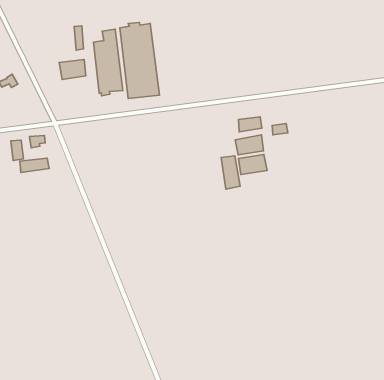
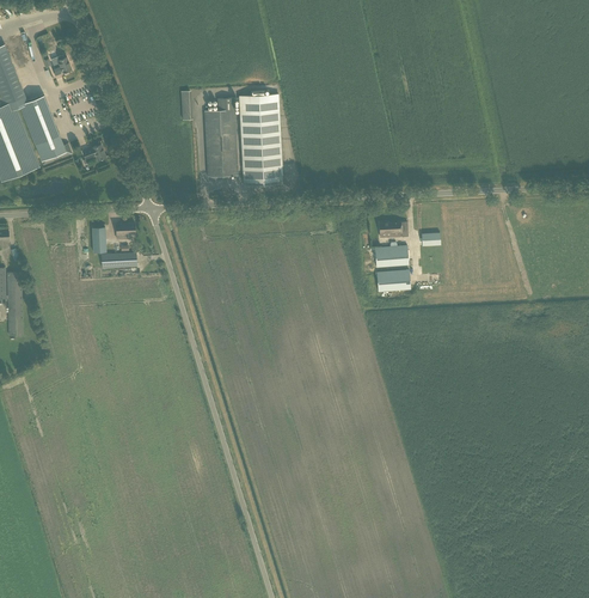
building: [59,59,86,80] -> none
building: [221,156,240,189] -> none

